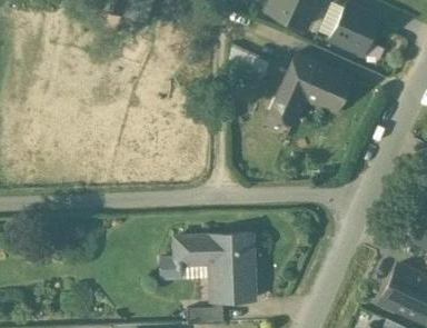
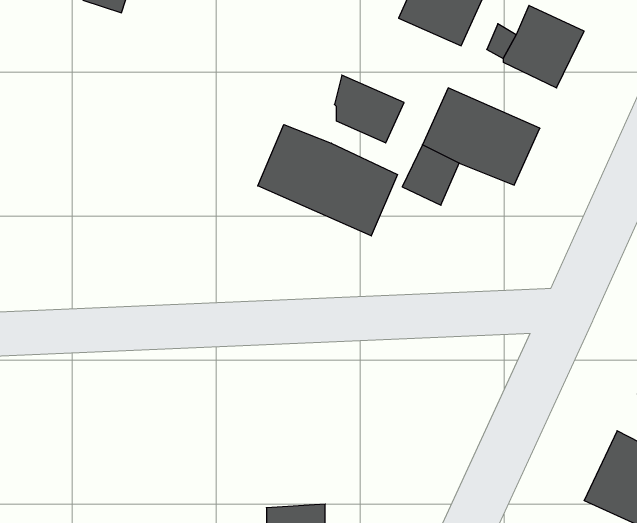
building: none -> [258,125,398,236]
building: [176,233,254,301] -> none

